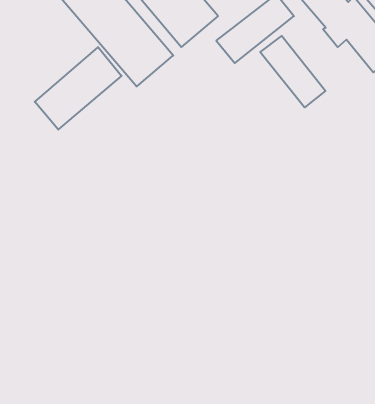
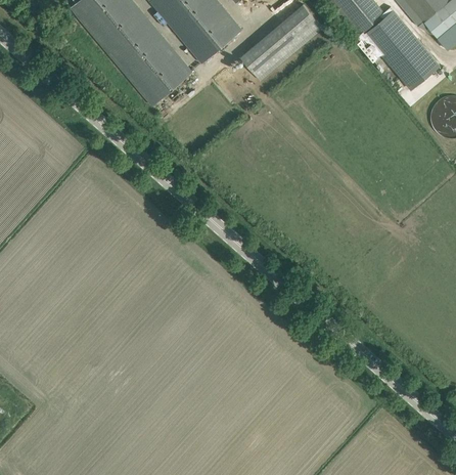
building: [260,36,325,107] -> none
building: [35,47,122,130] -> none

